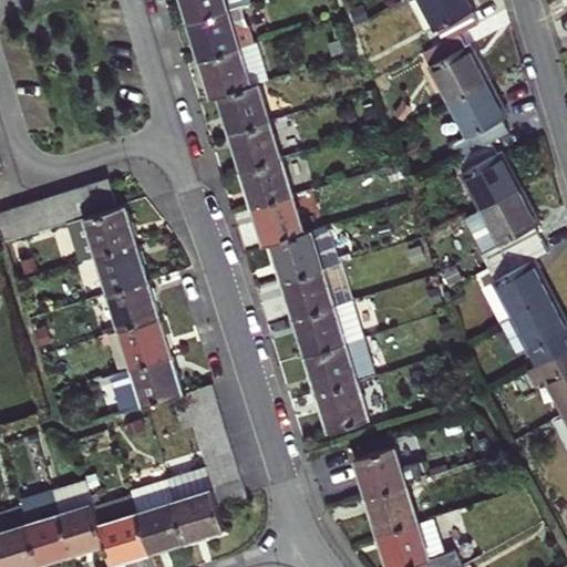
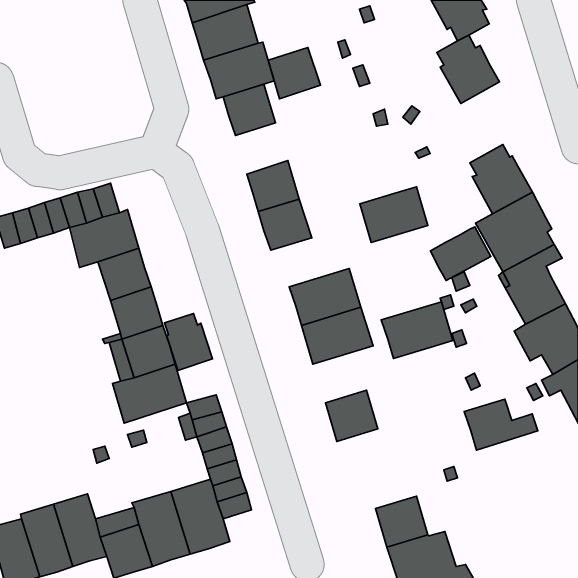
building: [449,83,508,162] -> none
building: [229,123,280,173] -> [268,48,320,99]
building: none -> [430,227,491,281]
building: [270,228,337,282] -> [360,187,428,242]
building: none -> [164,313,213,371]
building: [305,340,374,395] -> [381,302,453,359]
building: [353,449,425,498] -> [464,399,538,450]

